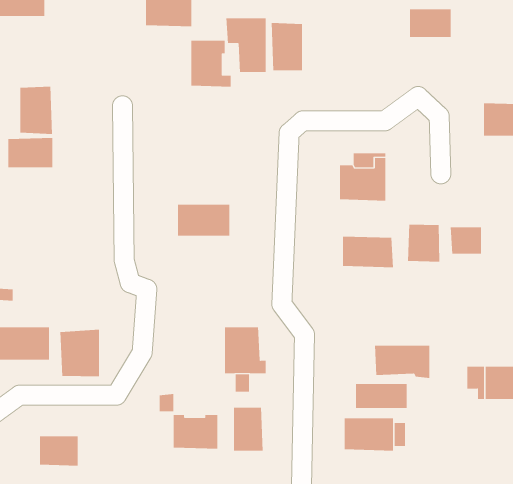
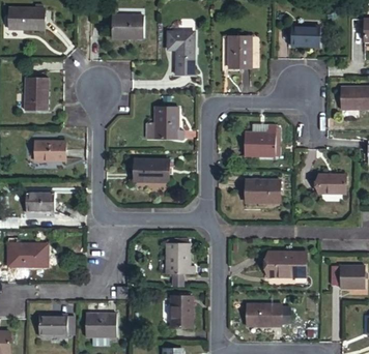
building: [271,22,303,71] -> [229,35,251,68]
building: [191,40,232,87] -> [154,107,182,139]
building: [8,137,53,168] -> [34,140,65,160]
building: [408,224,440,262] -> none
building: none -> [25,193,53,212]
building: [60,329,100,377] -> none
building: [356,383,407,409] -> none
building: [173,414,218,449] -> [84,315,115,338]

